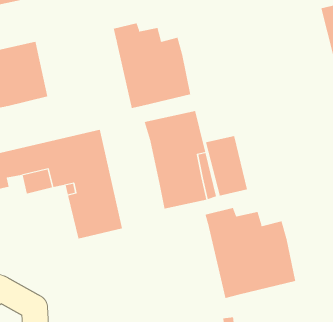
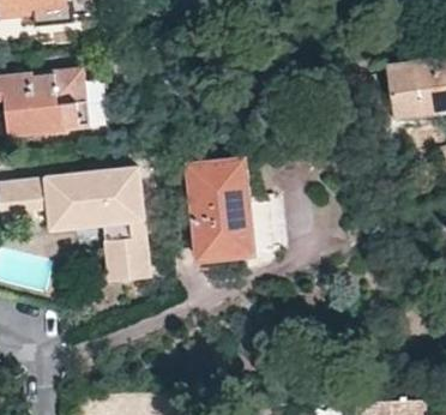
building: [113,23,191,109] -> none
building: [205,207,296,299] -> none

